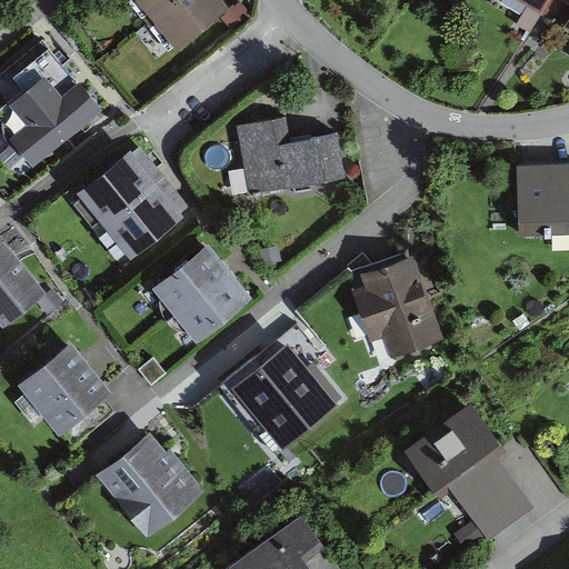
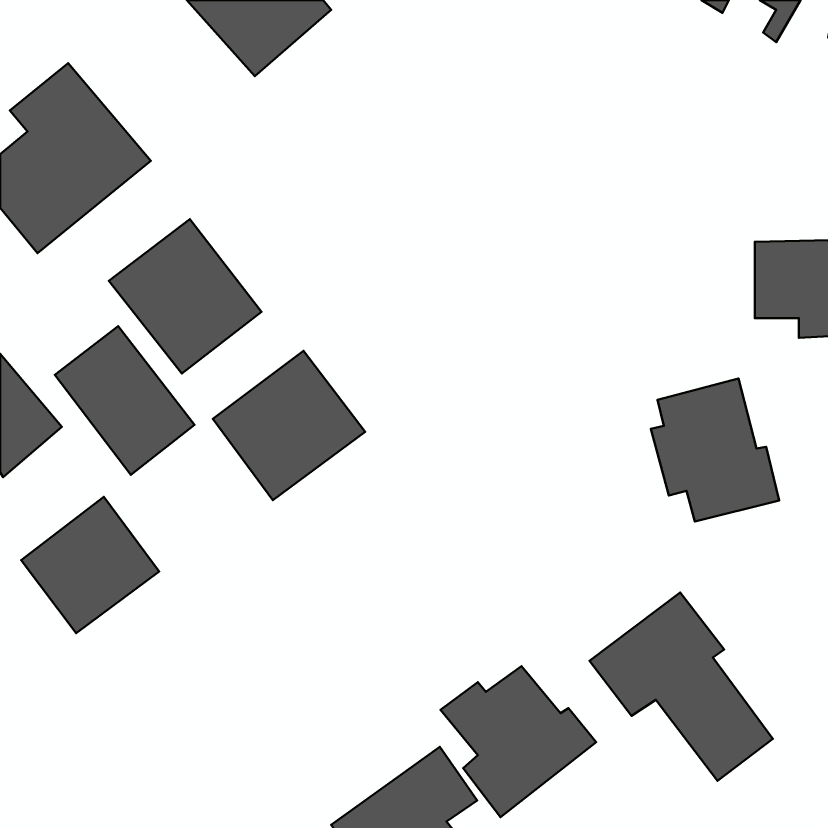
building: [238,117,347,196] -> none
building: none -> [55,326,194,475]
building: [357,257,445,355] -> [651,379,779,522]
building: [232,347,339,450] -> [440,666,596,817]
building: [94,431,203,541] -> none

